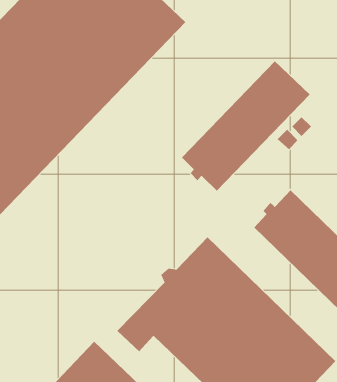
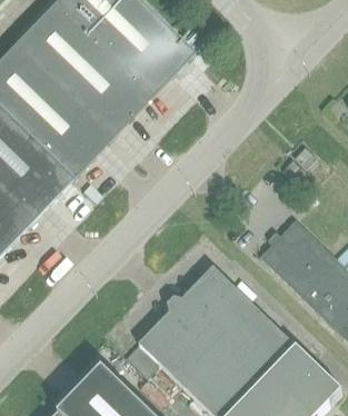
building: [181,60,310,192] -> none

